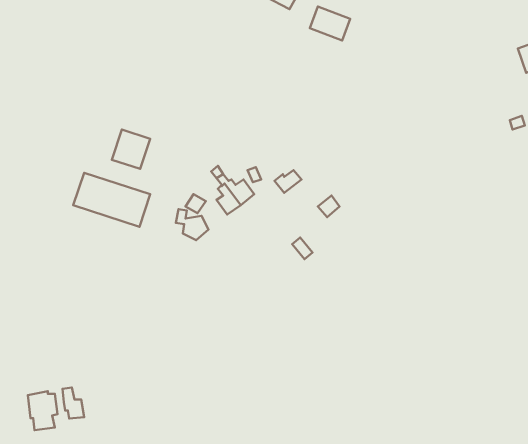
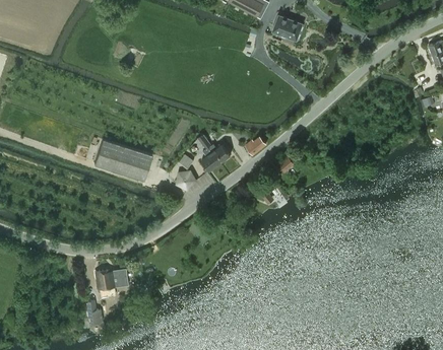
building: [112,130,150,169] -> none
building: [28,391,57,430] -> [96,269,118,298]

